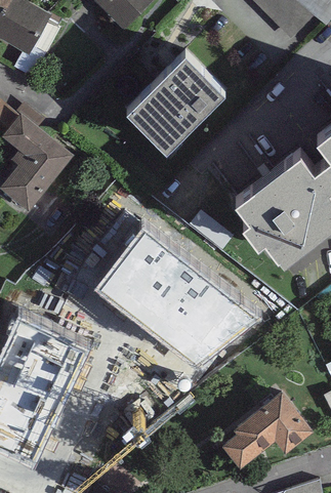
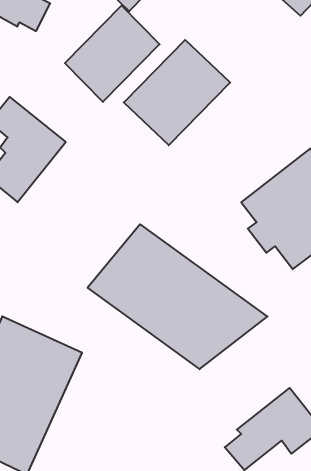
building: none -> [65,6,160,102]

